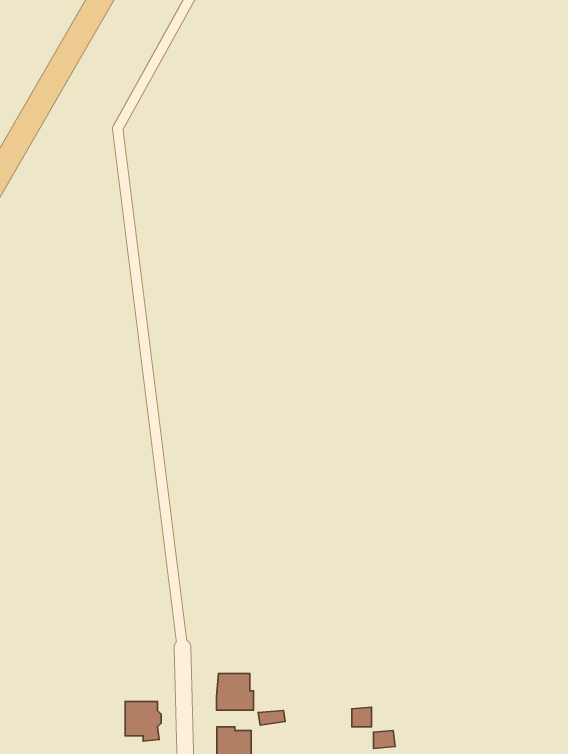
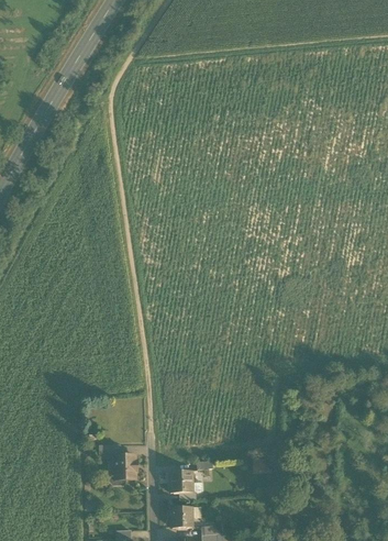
building: [217,673,253,710] -> none

